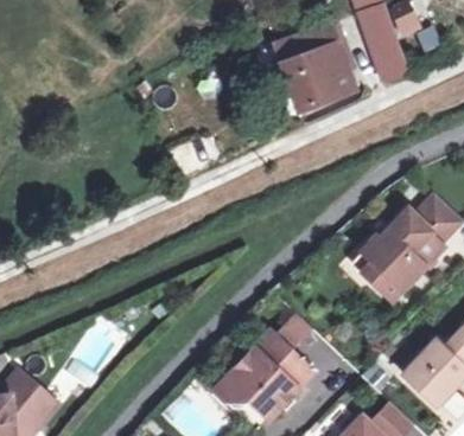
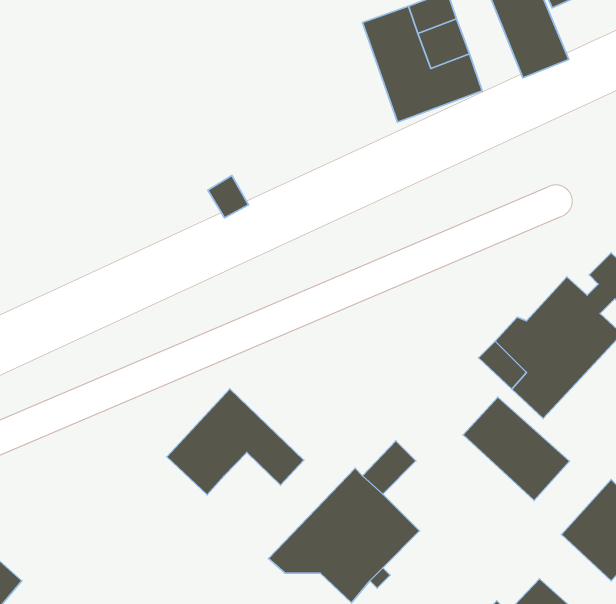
building: none -> [167,389,304,495]
building: none -> [463,397,570,500]

